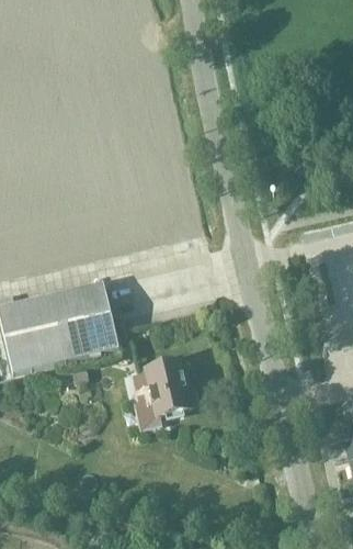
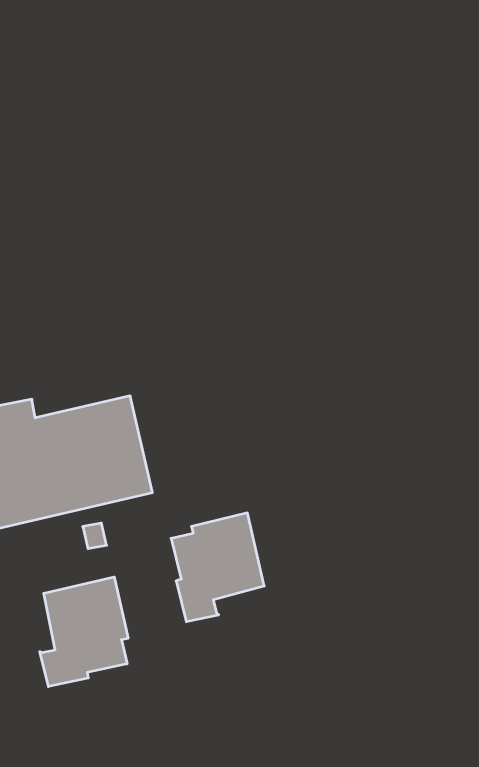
building: none -> [40,577,128,687]

